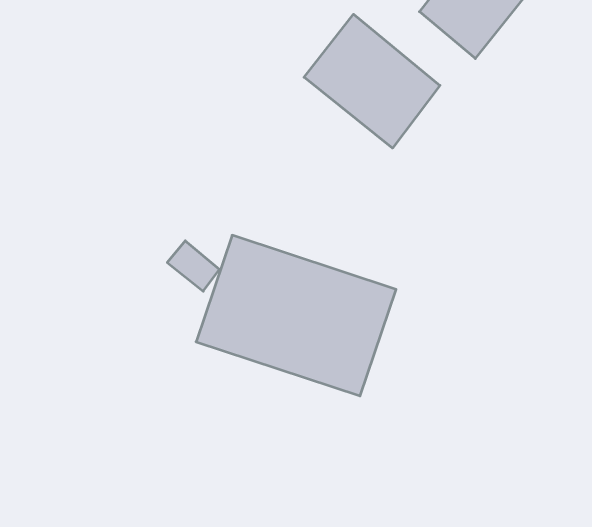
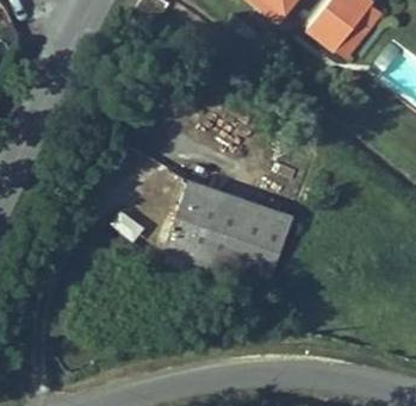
building: [304,14,440,148] -> none

